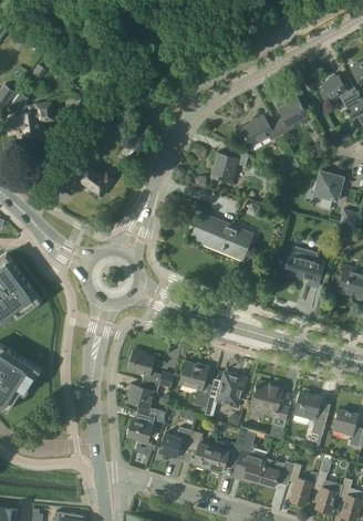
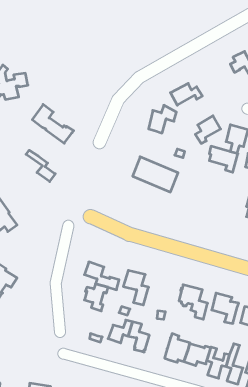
building: [276,96,309,133] -> [195,116,221,143]
building: none -> [26,150,55,182]
building: [287,253,324,288] -> [209,146,238,172]
building: [205,372,246,416] -> none
building: [127,410,155,441] -> none
building: [208,441,243,472] -> none

